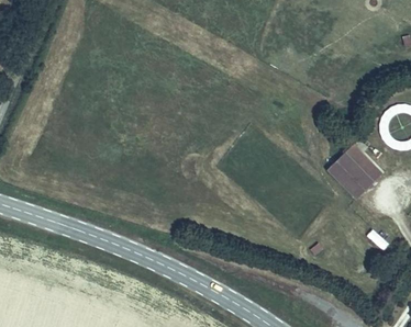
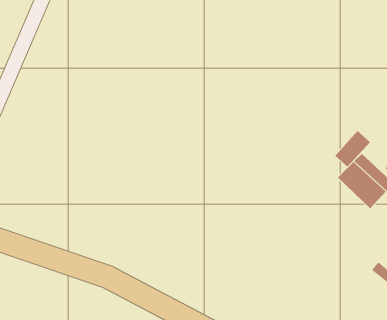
building: none -> [334,130,371,167]

